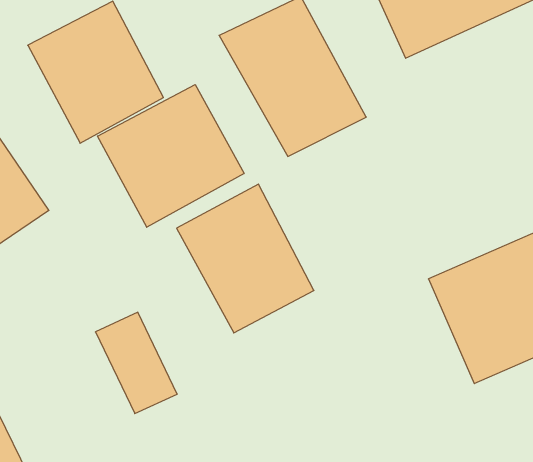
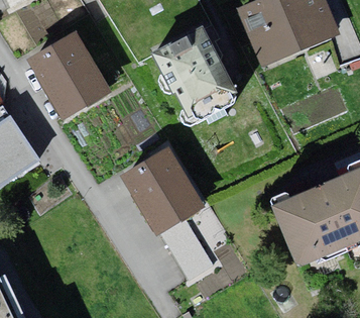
building: [97,85,244,227] -> none
building: [95,312,177,414] -> [162,220,213,283]

